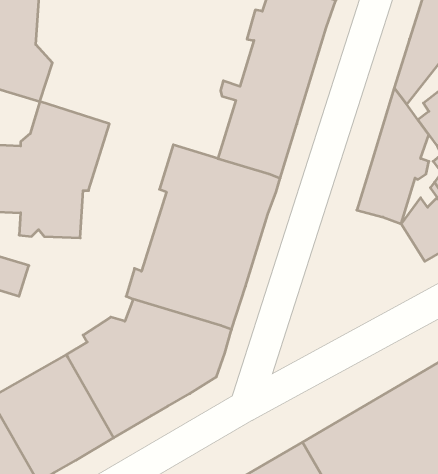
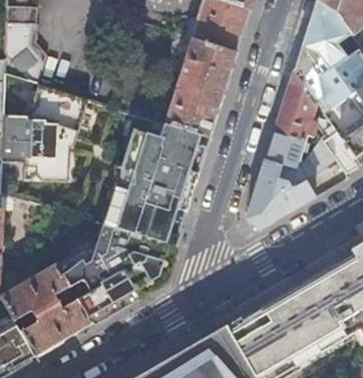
building: none -> [248,157,315,228]

